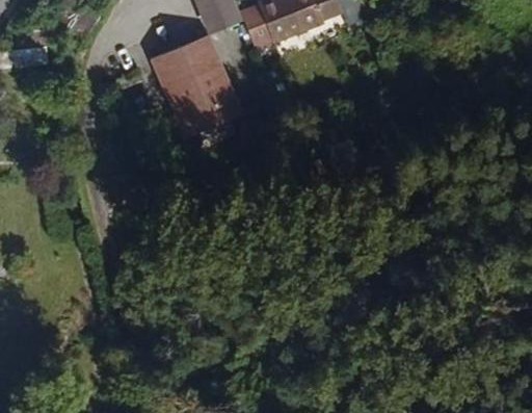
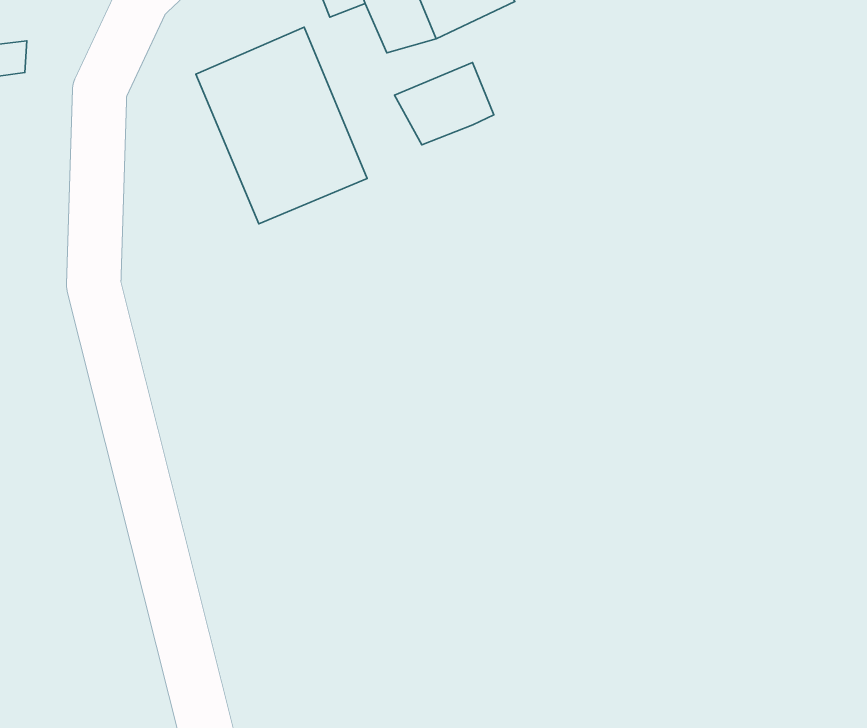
building: none -> [394,63,494,145]

